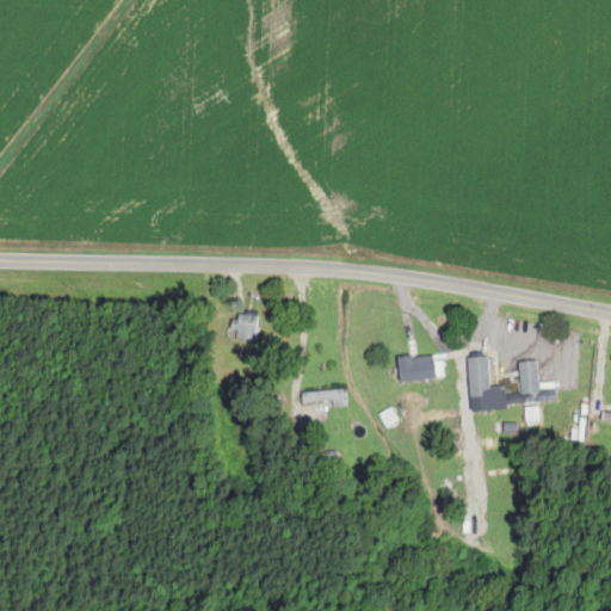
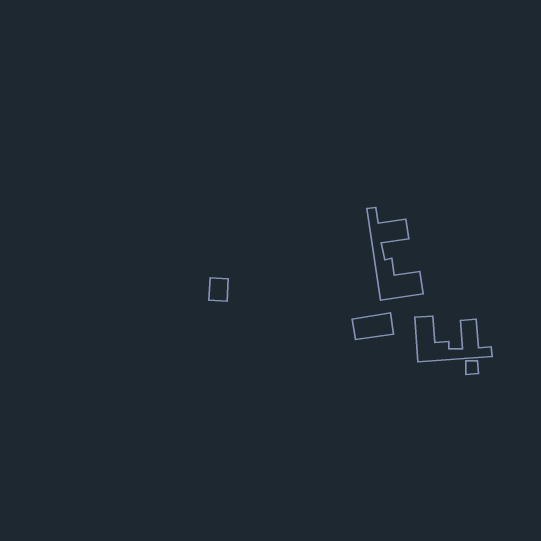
building: none -> [367,208,423,300]
building: [301,389,346,407] -> none

